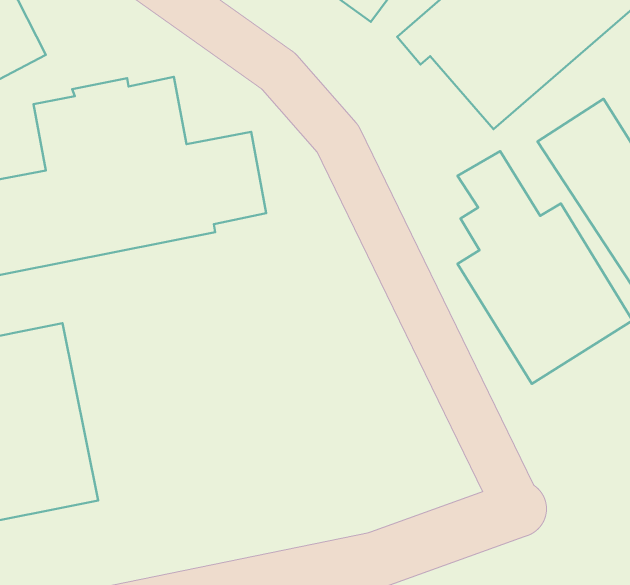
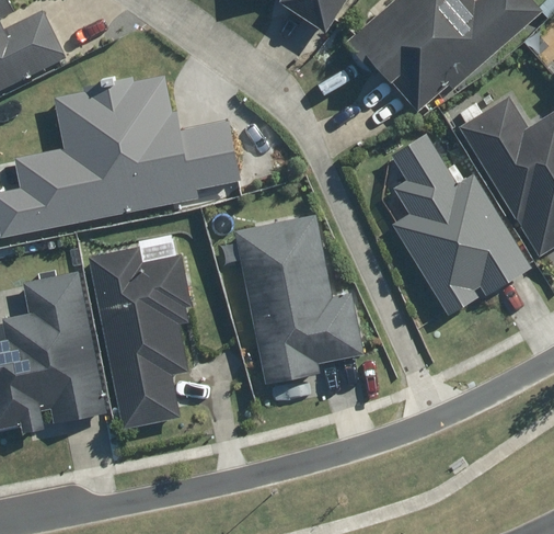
building: none -> [231,214,367,388]
building: none -> [88,237,196,433]

